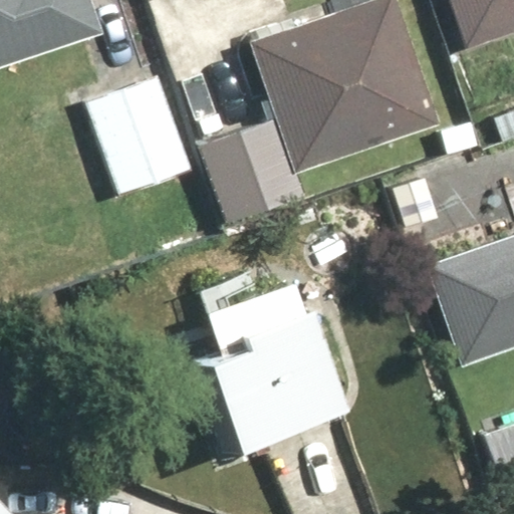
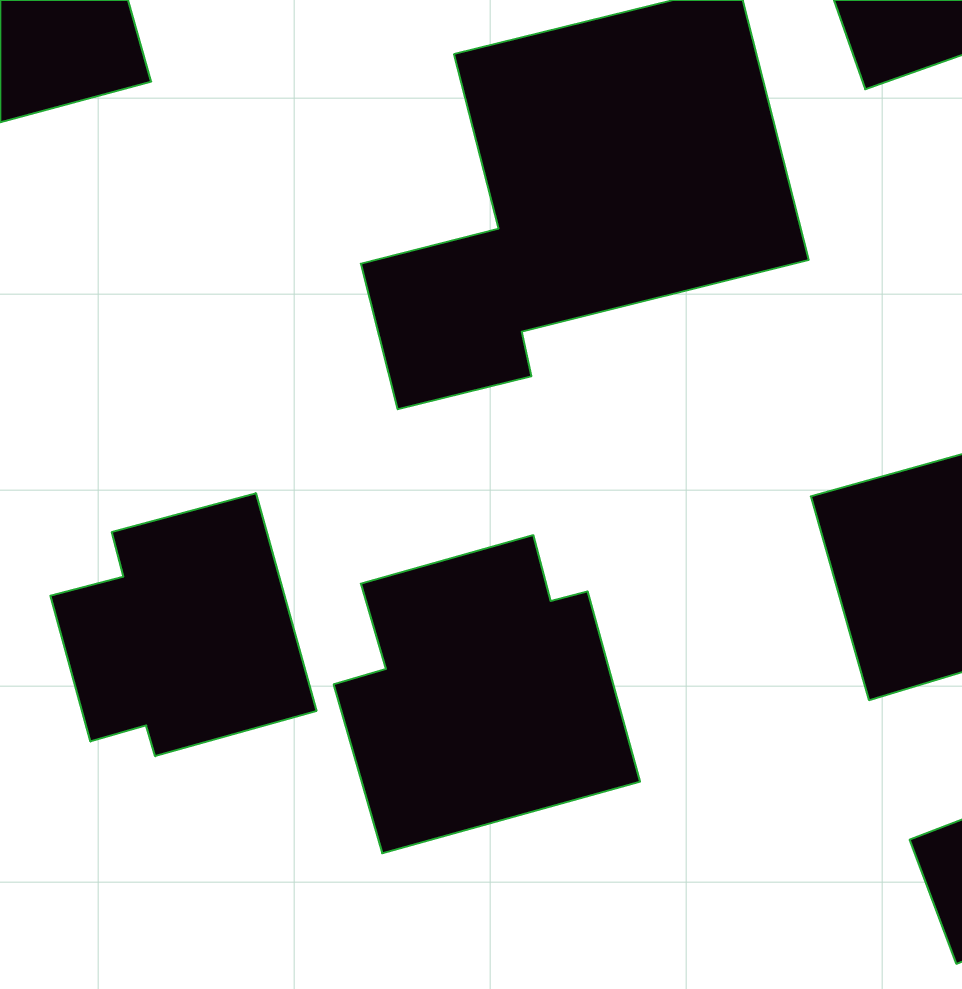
building: [88,70,202,199] -> none
building: none -> [50,493,316,756]

